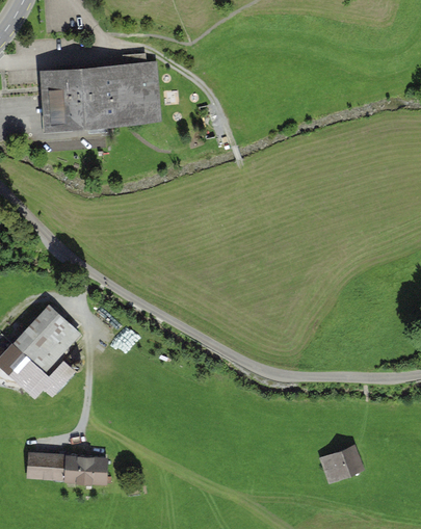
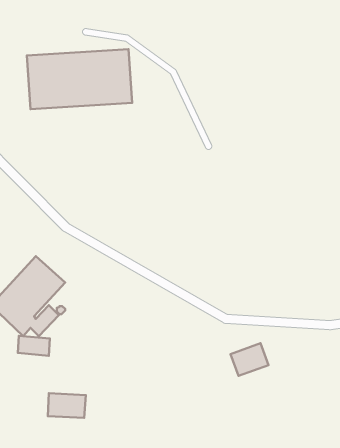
building: [321,444,365,481] -> [230,343,269,376]
building: [28,454,64,477] -> [18,336,50,356]

